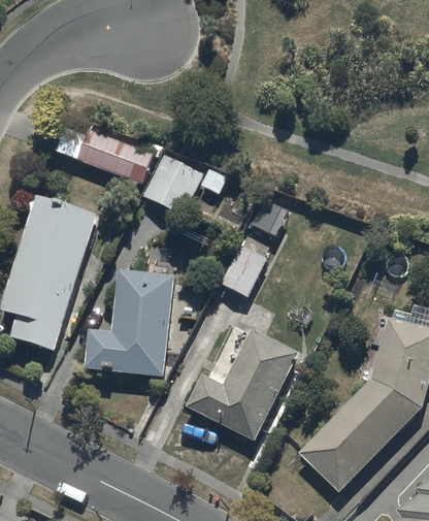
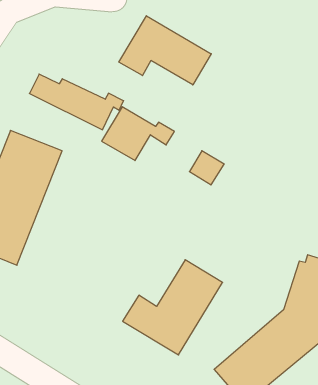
building: none -> [119,16,211,85]
building: [218,243,266,301] -> none
building: [84,268,174,377] -> none

